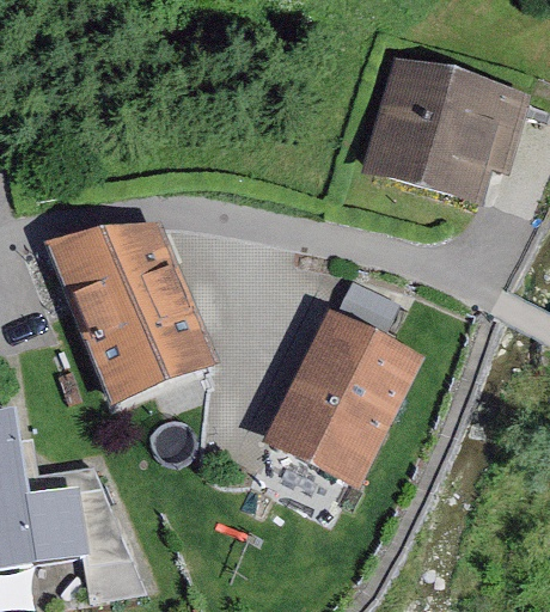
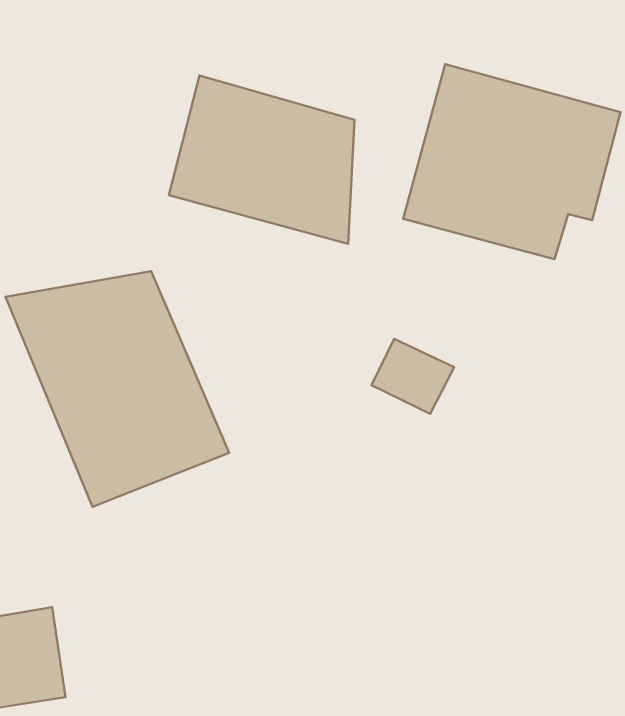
building: none -> [169,76,355,244]
building: [262,310,424,491] -> none

